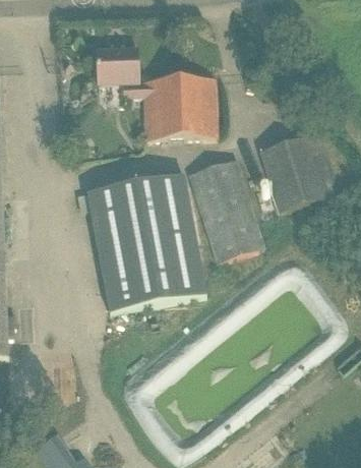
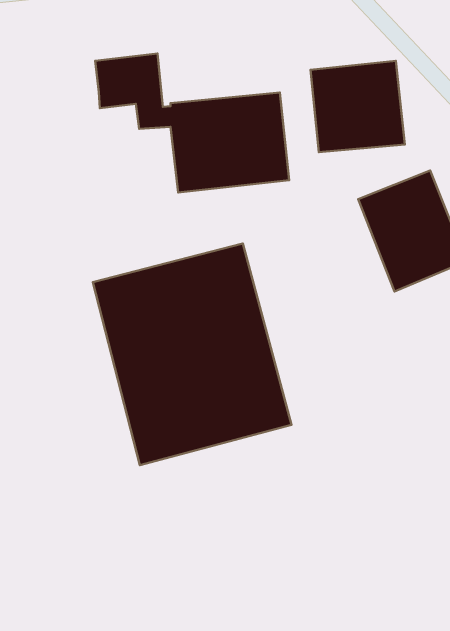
building: none -> [311,61,405,152]
building: [189,157,263,259] -> none

